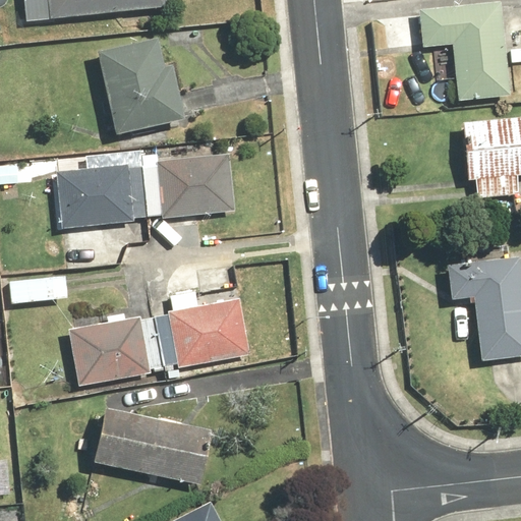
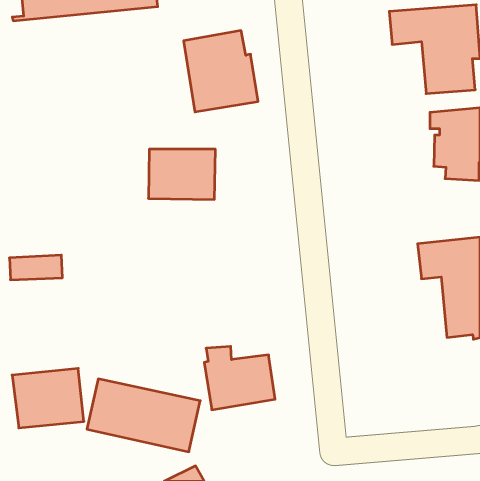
building: [102,43,182,130] -> [184,31,258,112]
building: [60,167,143,227] -> none
building: [169,293,245,361] -> [204,346,275,410]
building: [70,319,148,383] -> [12,368,84,428]

